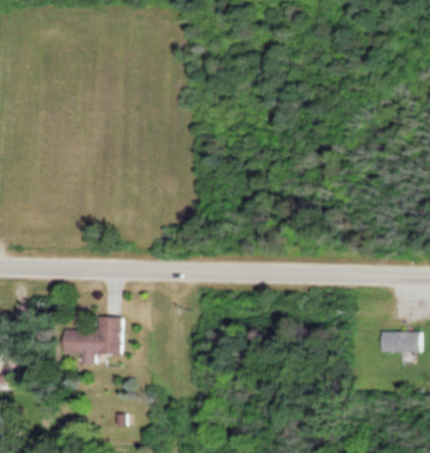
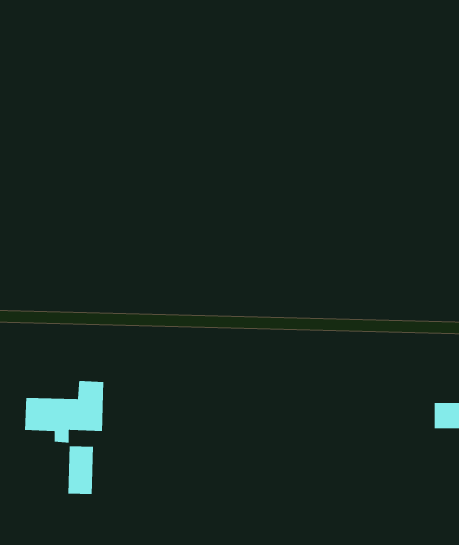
building: none -> [68,445,94,495]

